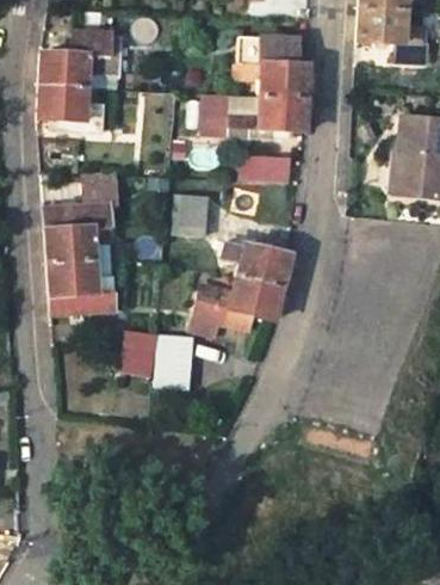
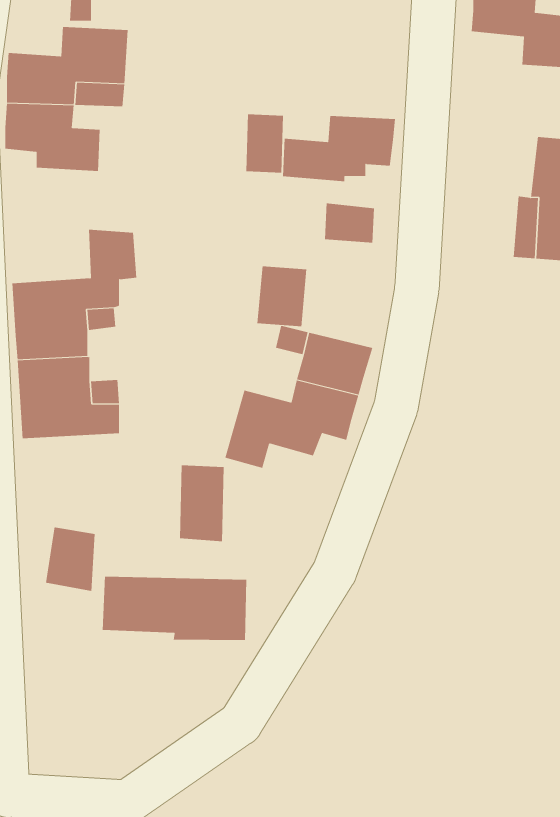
building: [236,39,306,98] -> none
building: [171,196,205,238] -> [257,266,307,327]
building: [120,330,155,374] -> [45,527,96,592]
building: none -> [102,576,247,641]

